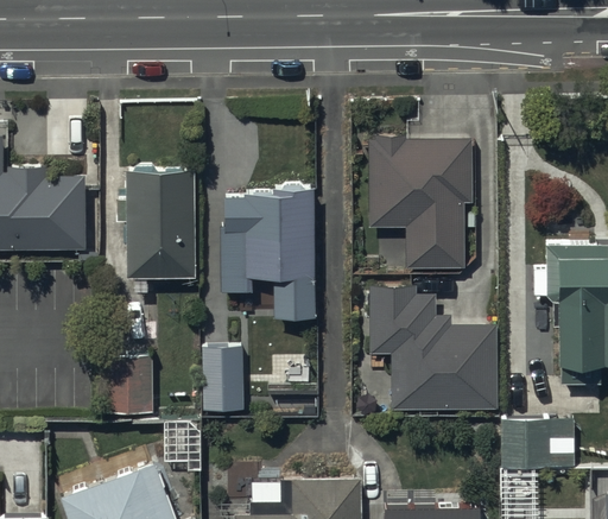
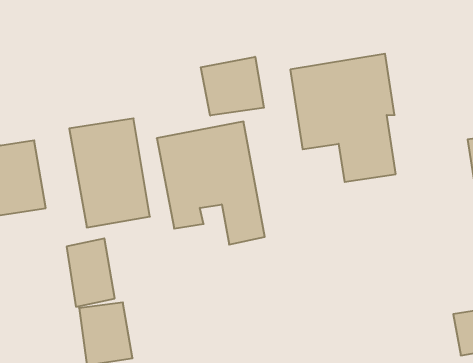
building: none -> [201,57,264,116]
building: [369,285,499,412] -> none
building: [202,347,245,414] -> [67,238,115,307]

